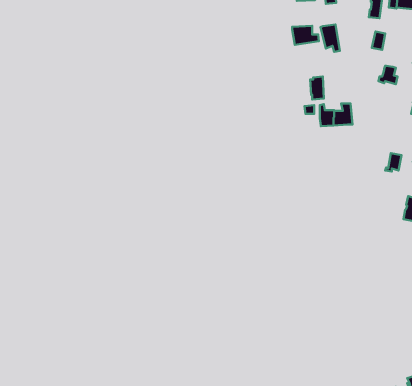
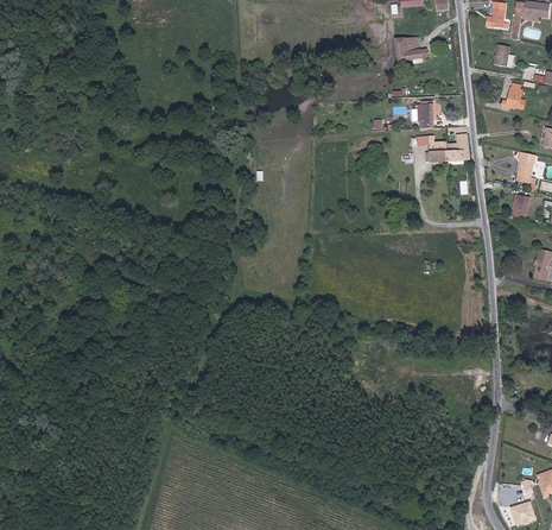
building: [321,25,340,52] -> none
building: none -> [515,152,538,184]

